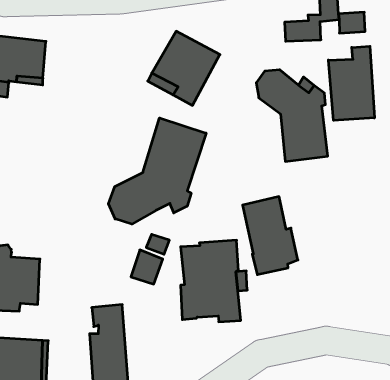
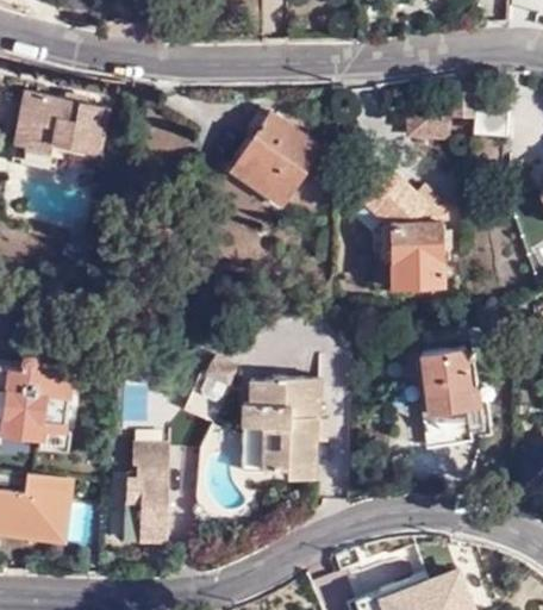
building: [328,46,374,120] -> none
building: [108,118,206,224] -> none
building: [243,197,298,275] -> [419,349,481,443]

